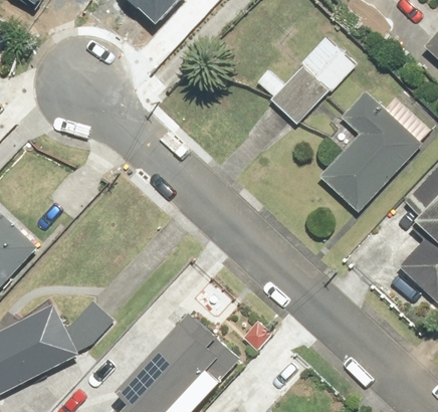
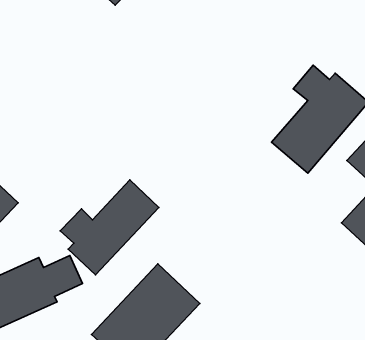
building: [254,37,355,126] -> none
building: none -> [60,180,159,275]

